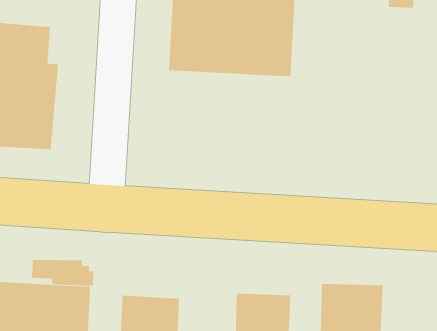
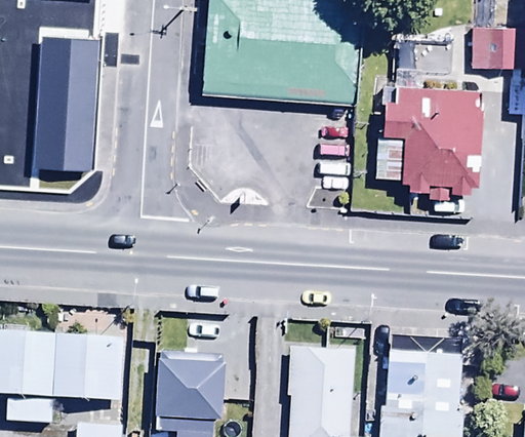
building: none -> [470,29,516,71]
building: none -> [375,38,481,207]

